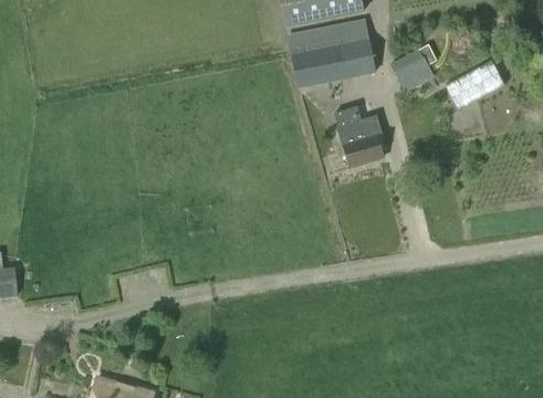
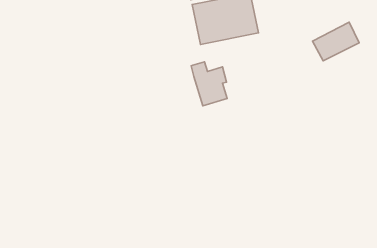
building: [390,48,435,91] -> none
building: [334,107,383,167] -> [191,62,227,106]

